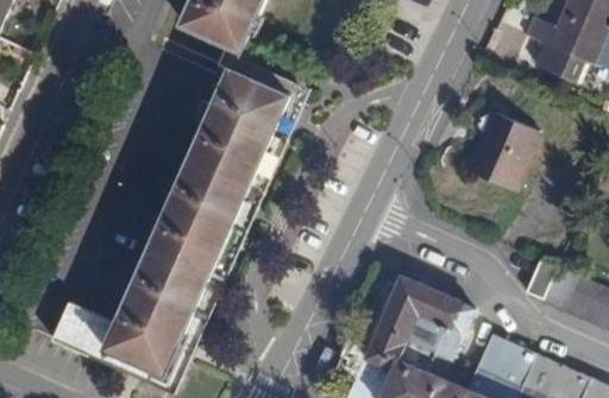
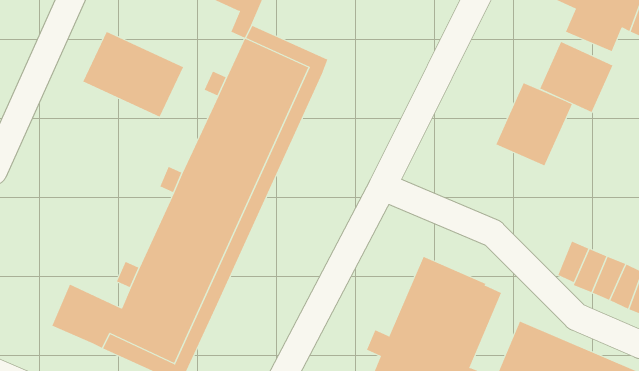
building: none -> [83,31,184,118]
building: none -> [540,41,613,113]

